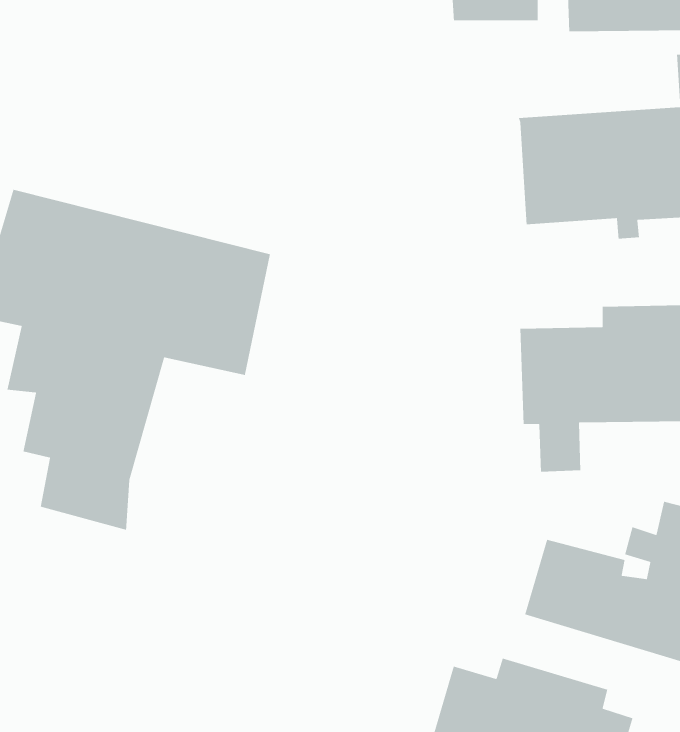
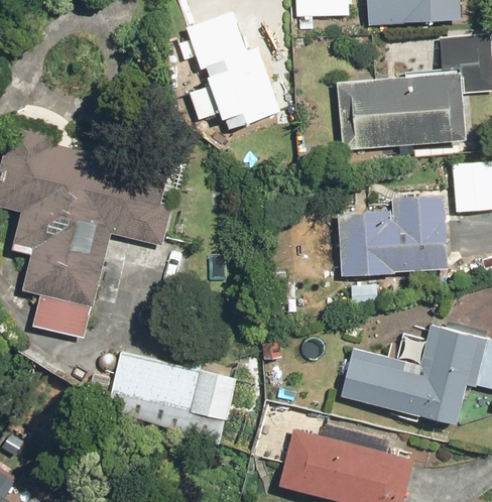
building: none -> [187,11,281,130]
building: none -> [105,349,234,437]

